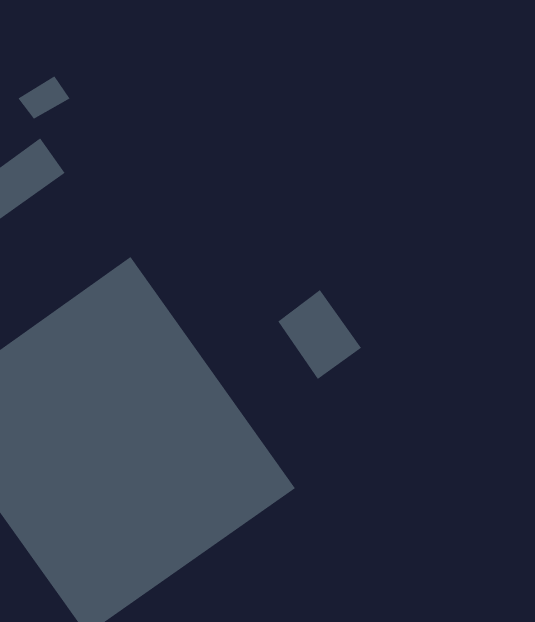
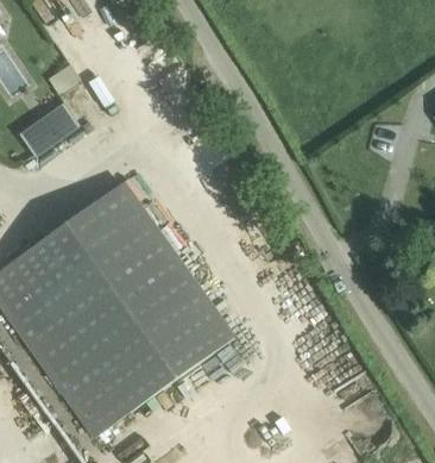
building: [278,289,362,380] -> none

